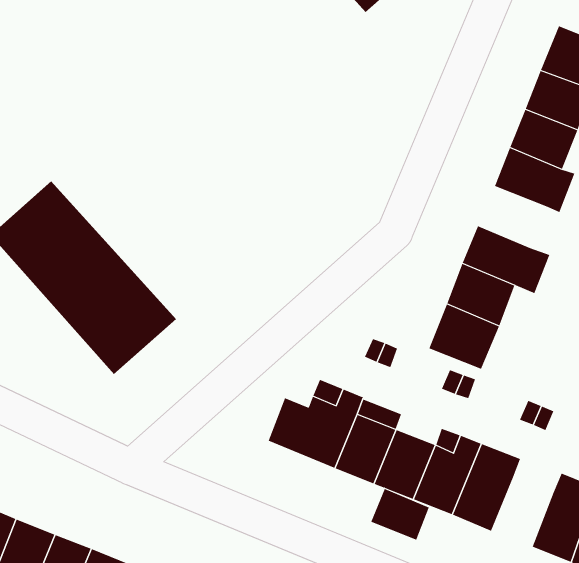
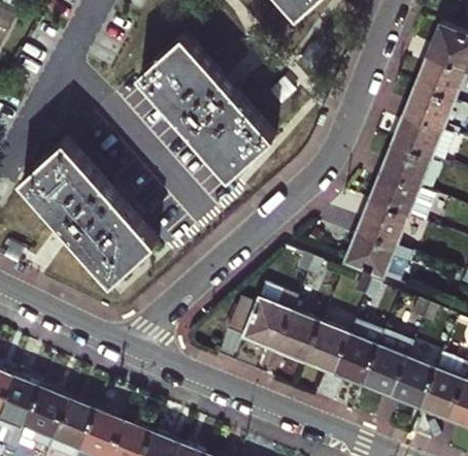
building: none -> [137,33,275,176]
building: none -> [379,143,431,189]
building: none -> [390,358,435,410]
building: [370,488,430,540] -> none

